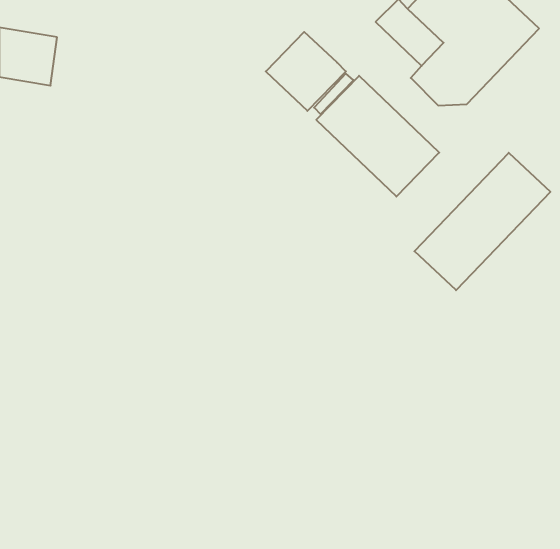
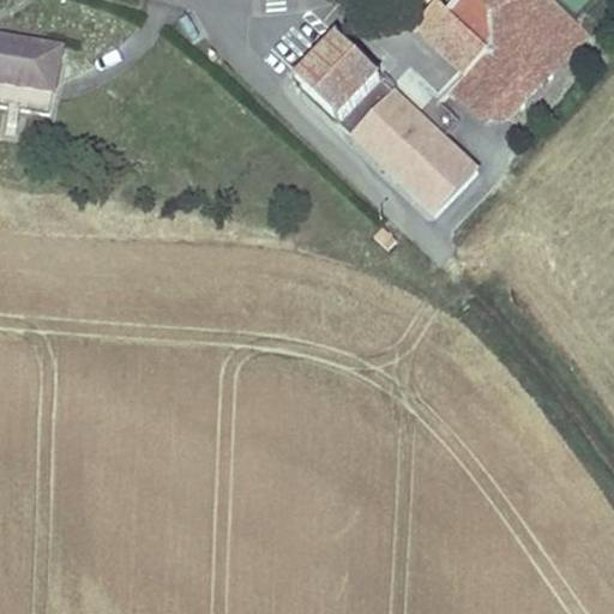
building: [414,153,550,290] -> none

